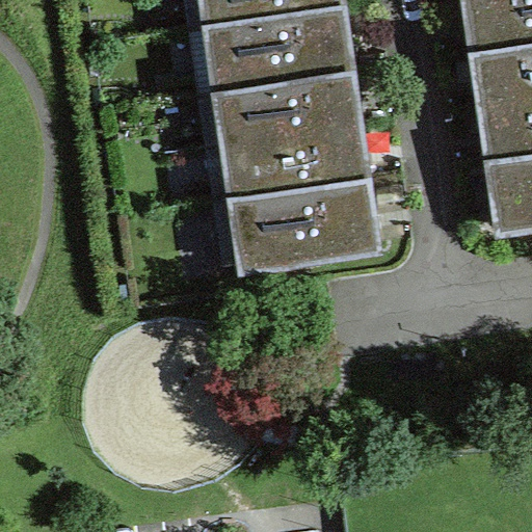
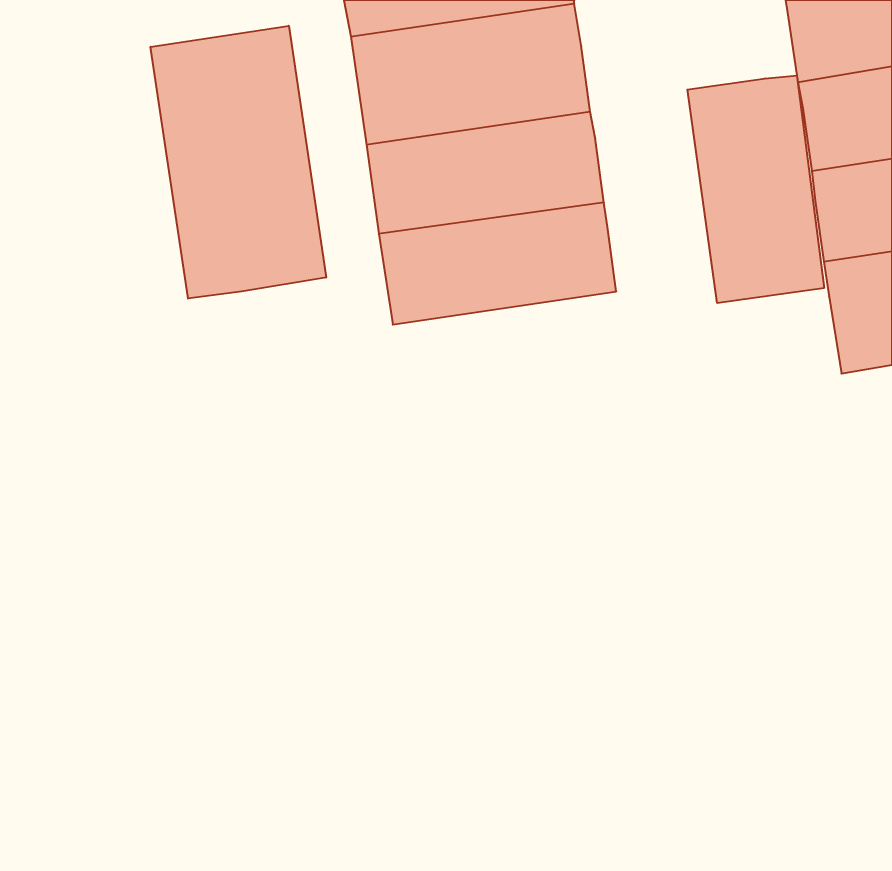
building: none -> [151,26,326,299]
building: none -> [687,76,824,303]
building: [234,186,377,272] -> none

